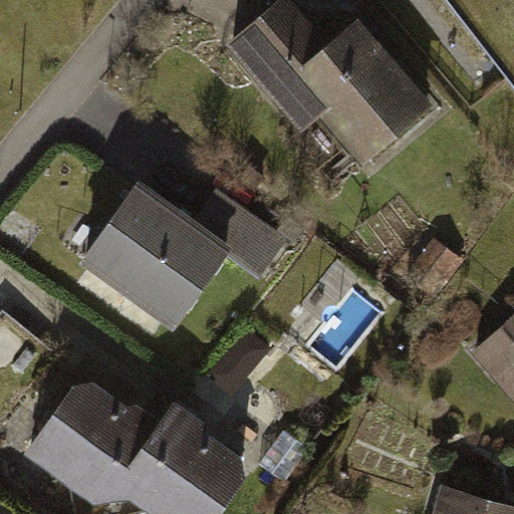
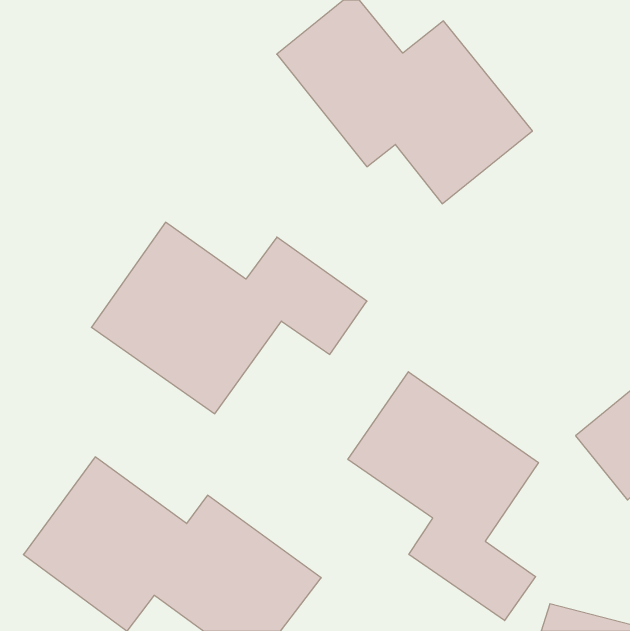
building: none -> [348,372,538,621]

